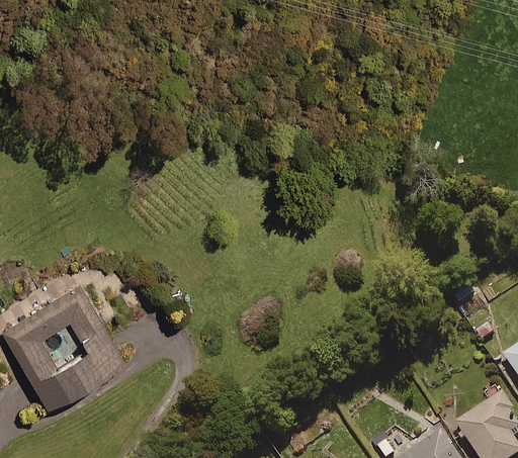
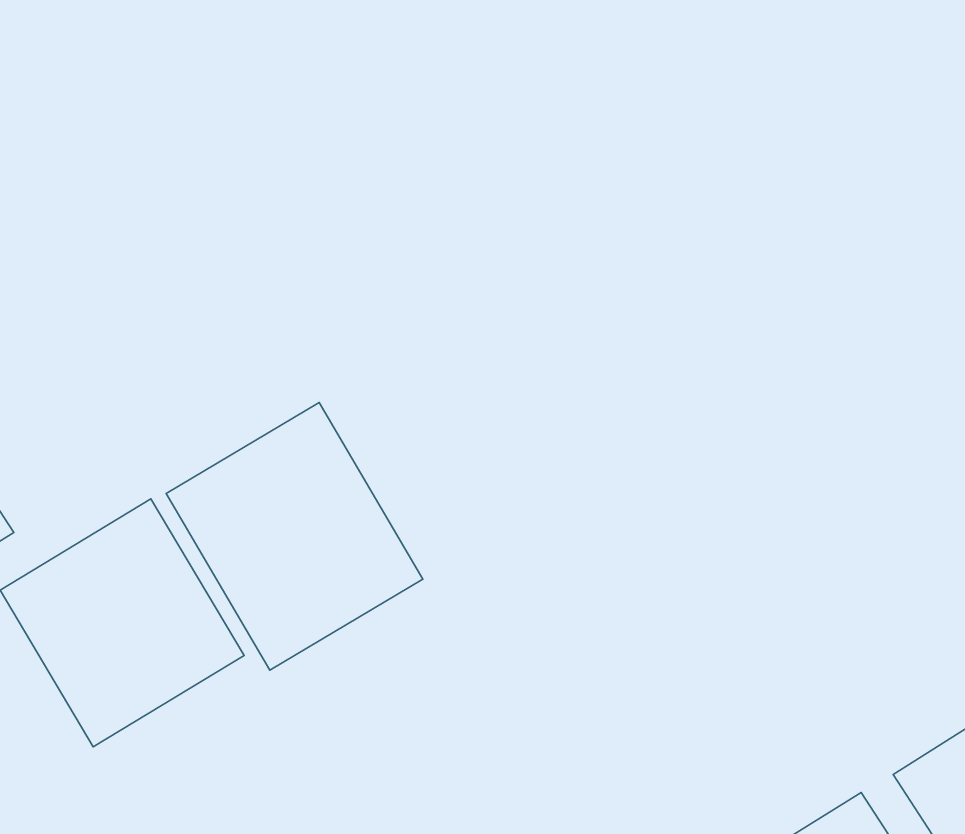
building: none -> [166,403,423,670]

